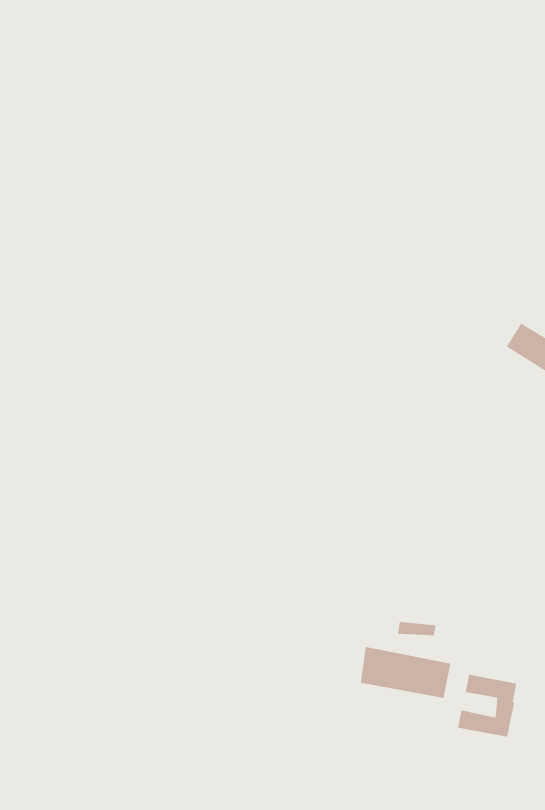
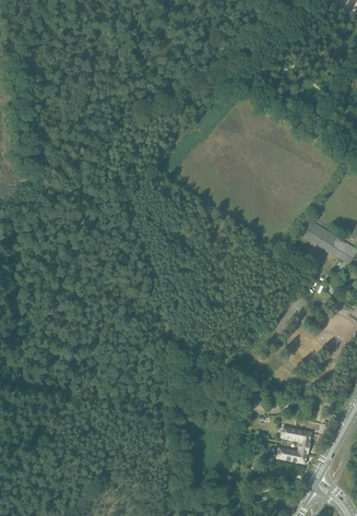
building: [360,646,451,699] -> none

